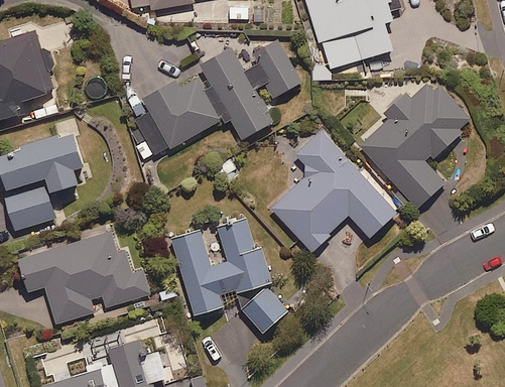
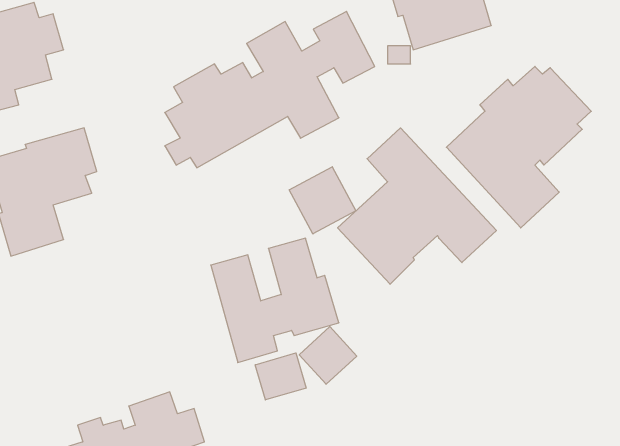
building: none -> [289,167,356,234]
building: [17,231,150,322] -> none
building: none -> [255,353,306,400]

